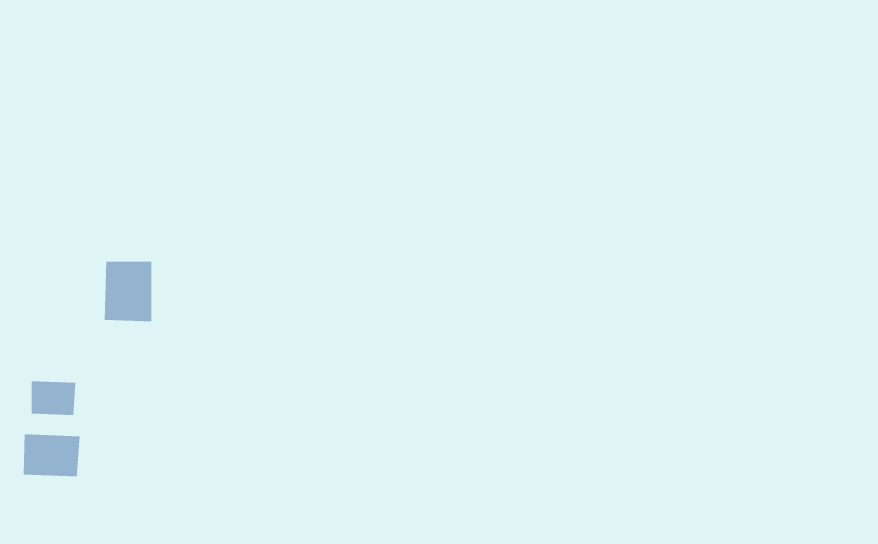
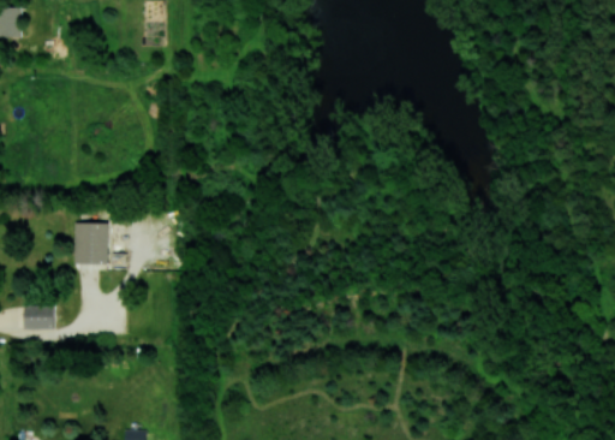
building: [23,434,80,477] -> none

